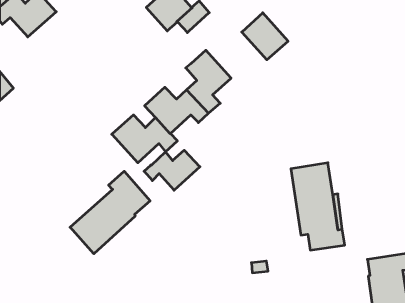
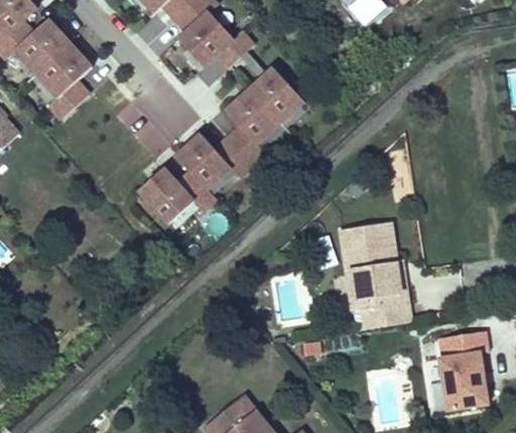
building: none -> [33,42,90,119]
building: [242,13,288,60] -> [247,65,302,122]
building: [144,150,200,190] -> none
building: [70,171,150,254] -> none

